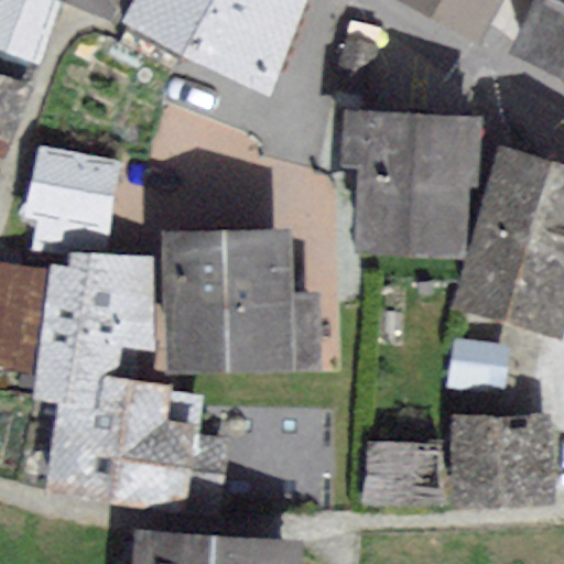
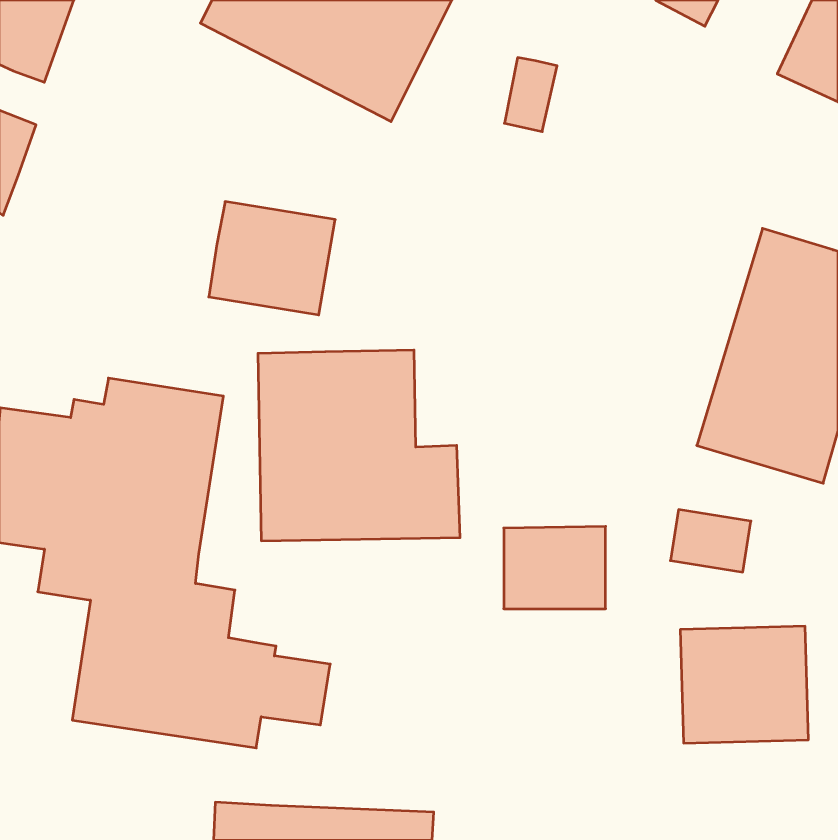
building: [355,117,459,241] -> none
building: [30,150,115,226] -> [209,202,335,315]
building: [369,444,437,499] -> [504,526,606,609]

